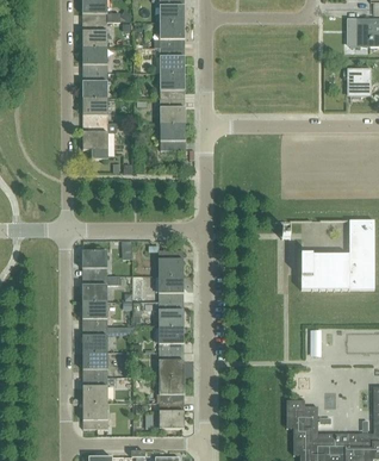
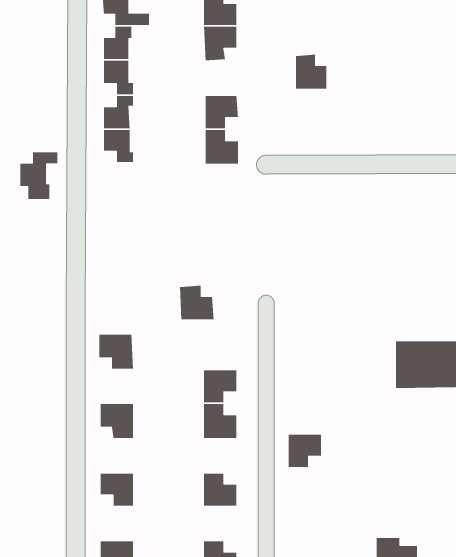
building: [160,46,184,73] -> [295,54,327,89]
building: [85,123,113,158] -> [19,151,58,200]
building: [160,124,185,150] -> none
building: [157,249,184,275] -> [179,285,215,320]
building: [82,275,118,300] -> none
building: [82,326,107,351] -> none
building: [159,326,184,351] -> [288,434,322,468]
building: [82,376,107,401] -> none
building: [159,376,184,401] -> none

